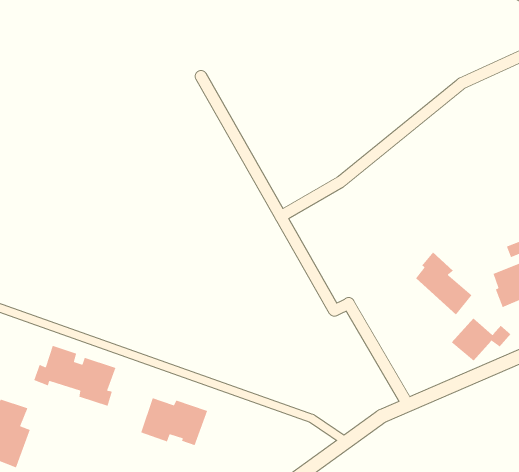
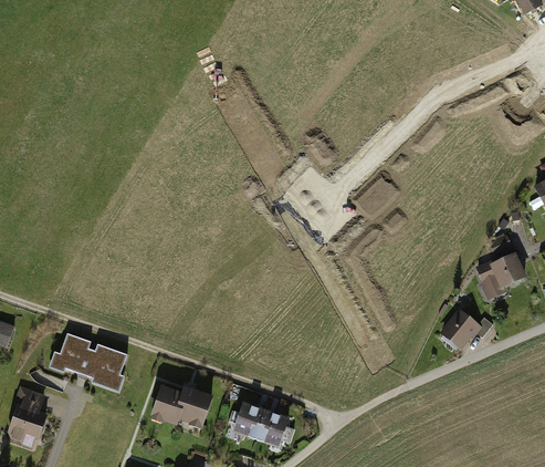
building: [415,252,472,315] -> none
building: none -> [231,399,291,447]

